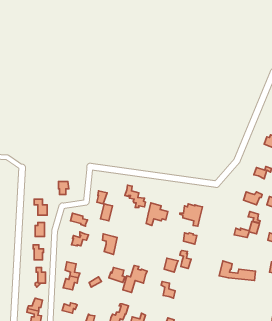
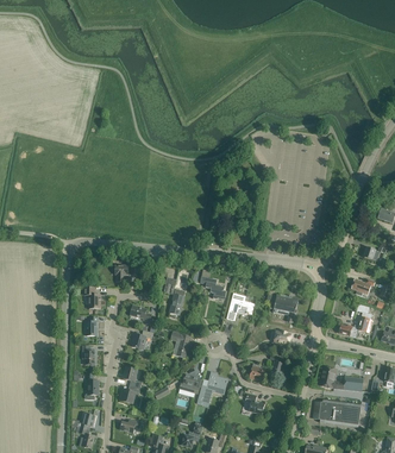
building: none -> [314,399,368,428]

